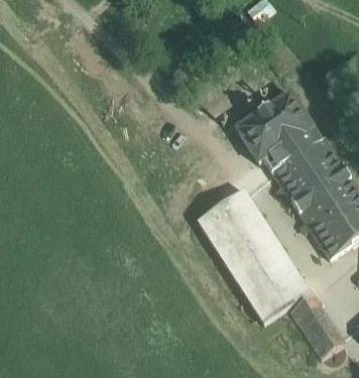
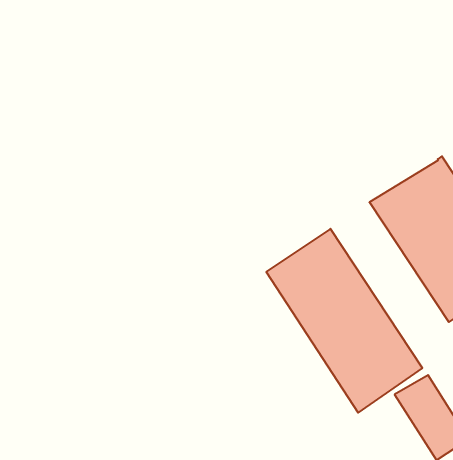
building: [237,93,322,170] -> none

